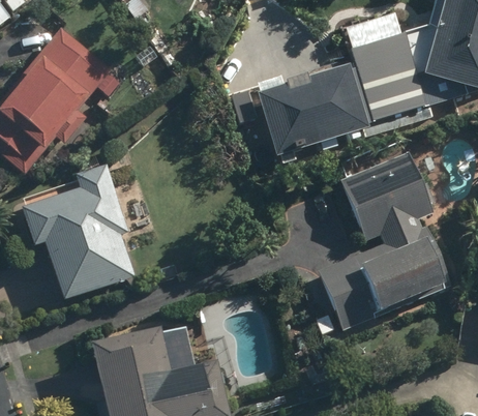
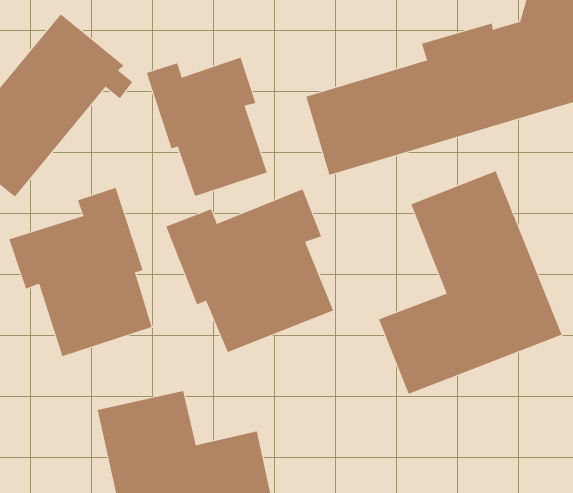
building: none -> [146,57,268,197]
building: none -> [166,188,334,353]

